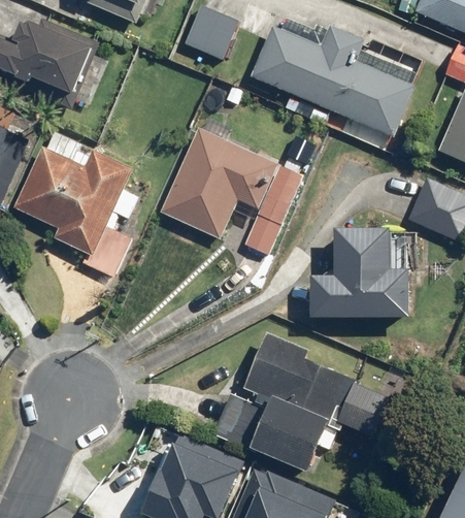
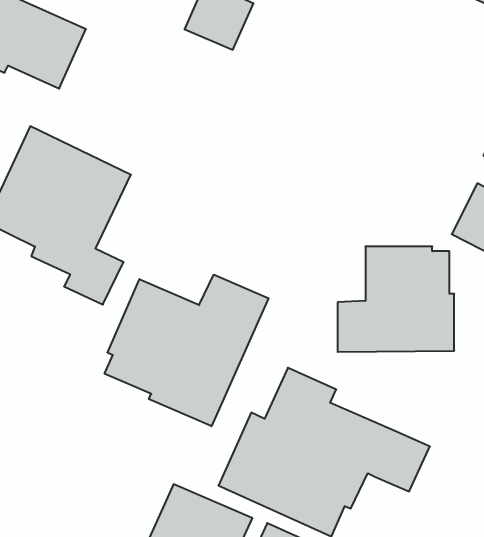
building: [248,24,416,137] -> none
building: [161,128,302,254] -> none
building: none -> [105,275,268,426]

